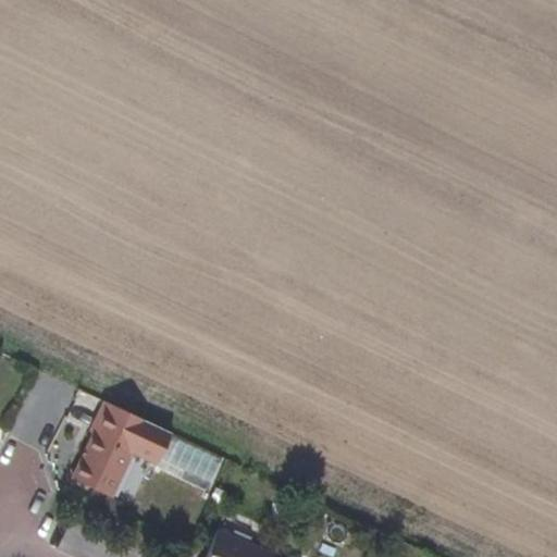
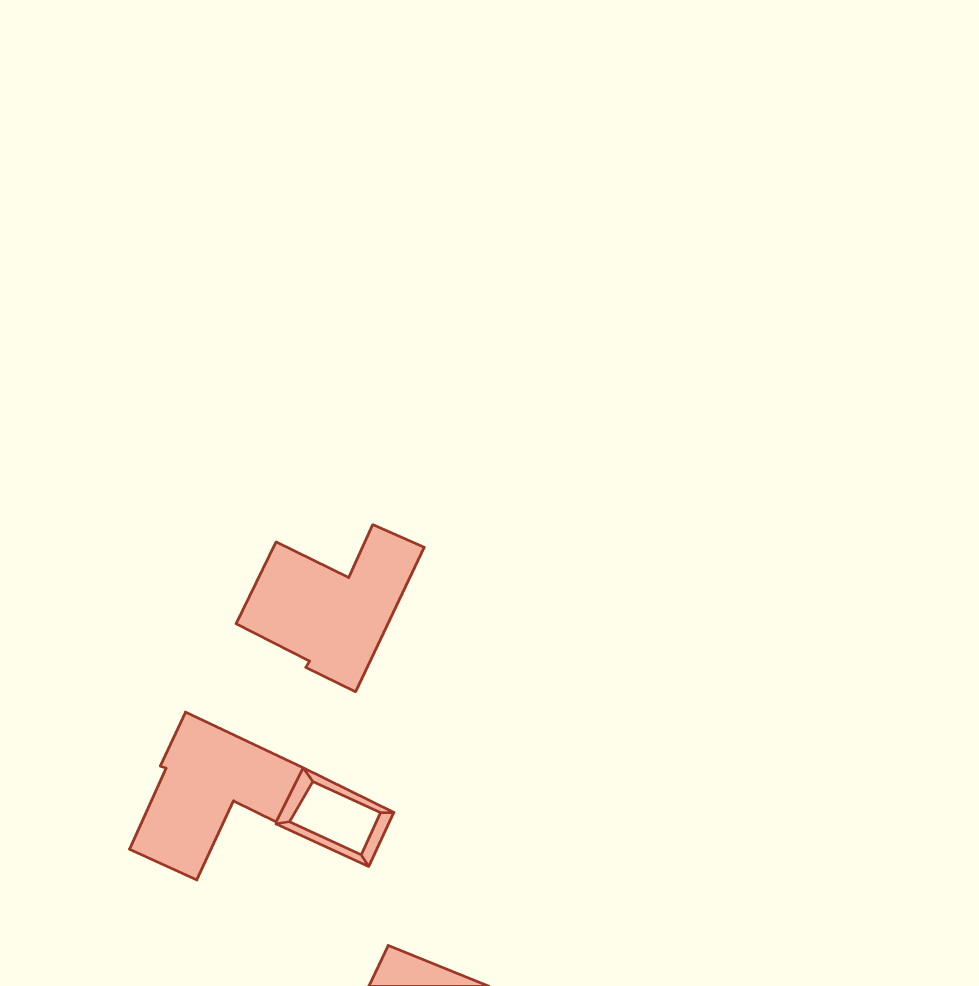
building: none -> [236,525,424,692]

